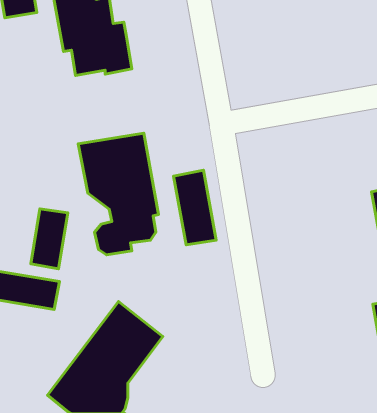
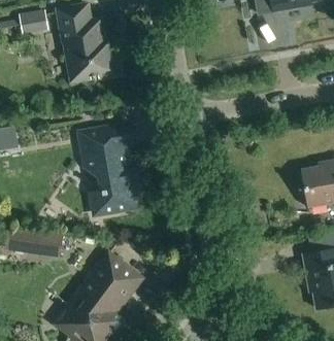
building: [174,170,216,245] -> none
building: [31,209,68,269] -> none

